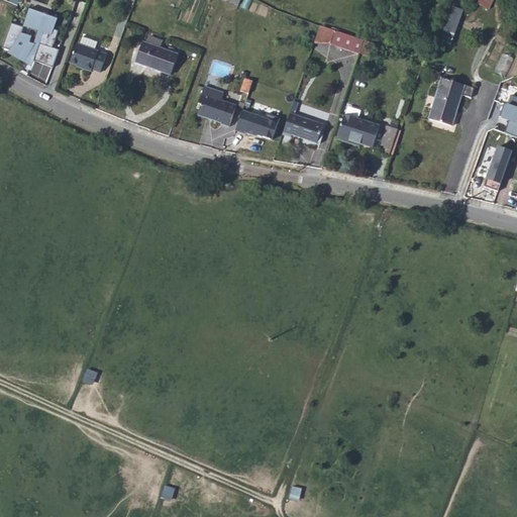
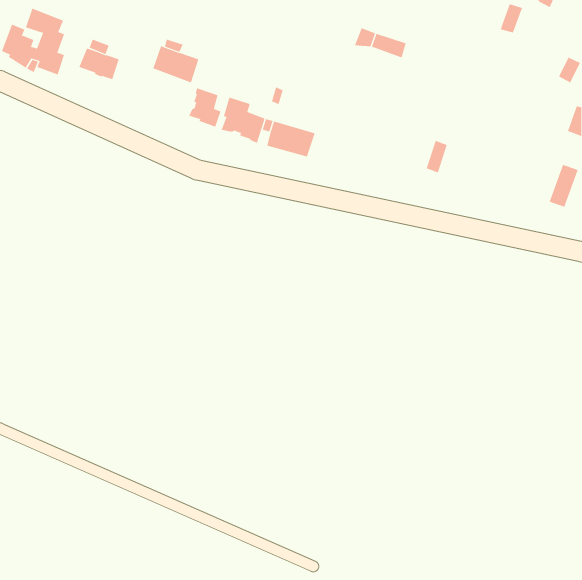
building: [428,76,474,124] -> none
building: none -> [189,88,221,127]
building: [283,112,323,143] -> none
building: [334,115,377,148] -> none

